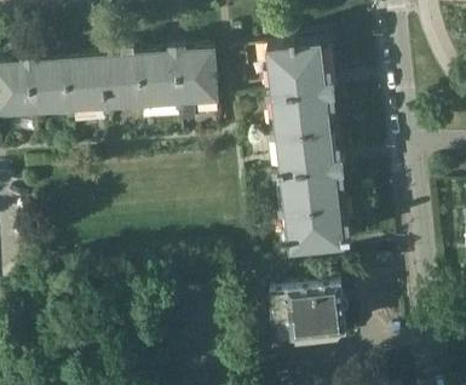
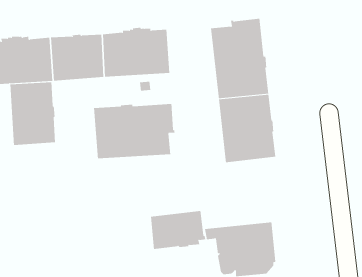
building: none -> [10,82,56,146]
building: none -> [94,103,175,159]
building: [283,203,351,251] -> [150,211,206,249]

